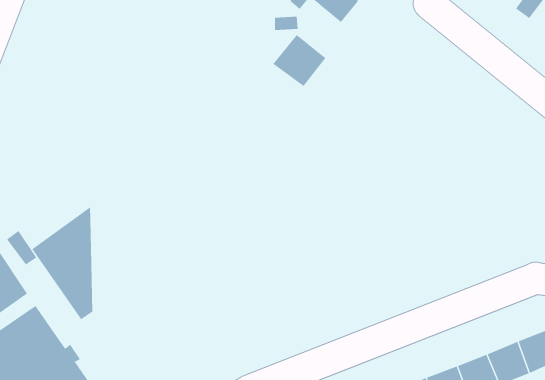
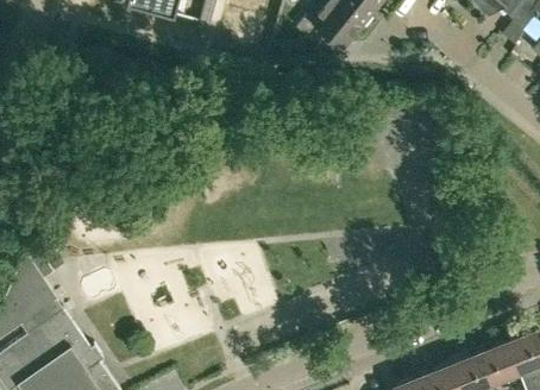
building: [273,34,326,87] -> none
building: [31,206,93,320] -> none

